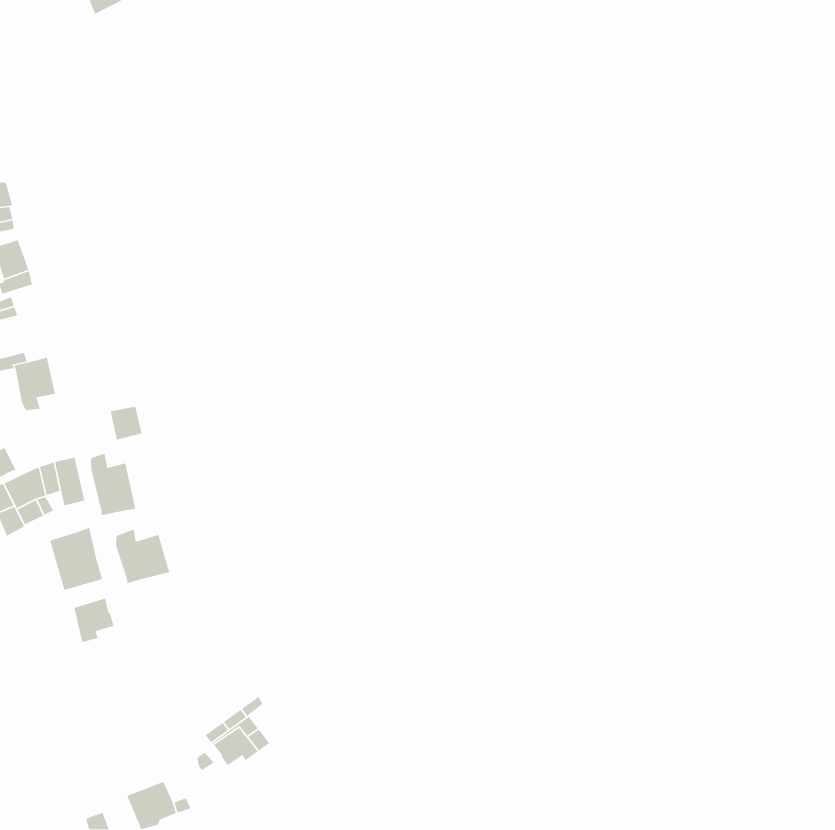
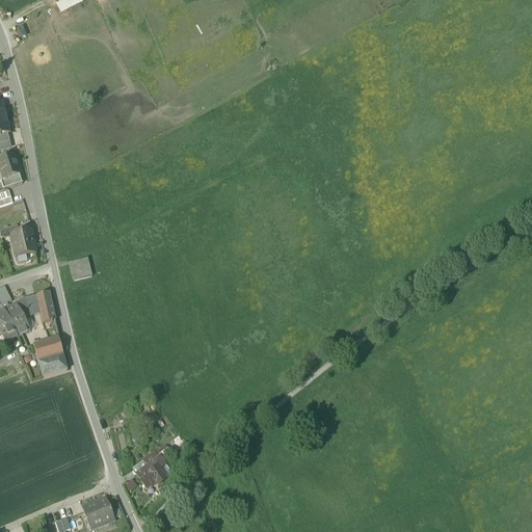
building: [90,452,136,516] -> none
building: [115,528,170,584] -> none
building: [74,598,114,643] -> none

